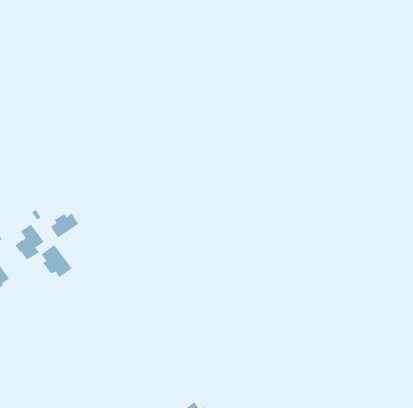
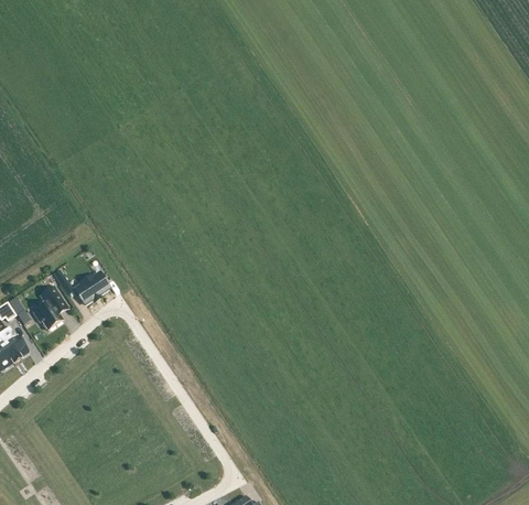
building: [41,244,72,278] -> none

